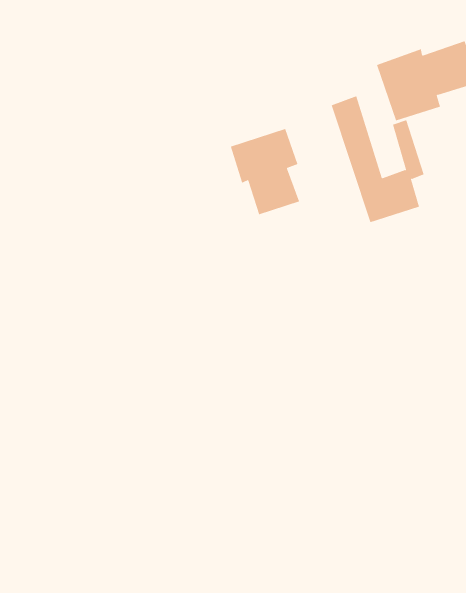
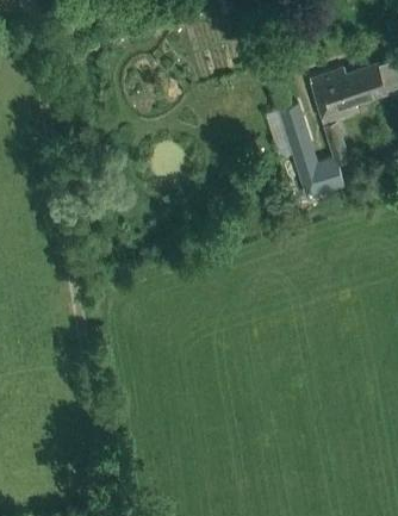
building: [230,128,300,215] -> none

